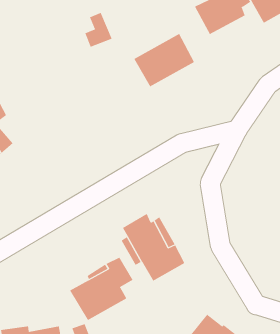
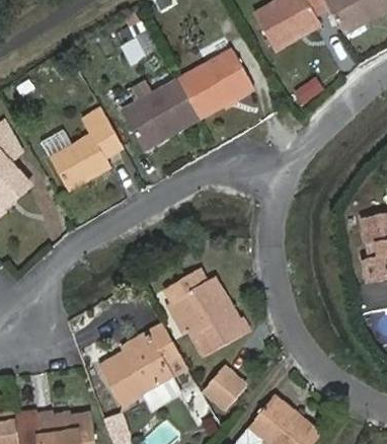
building: none -> [127,78,200,144]
building: none -> [54,110,125,186]
building: none -> [204,370,246,412]

